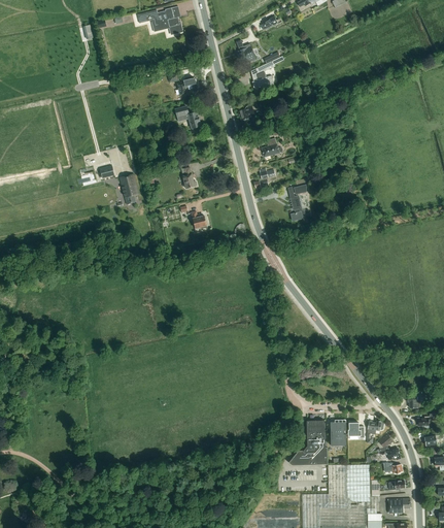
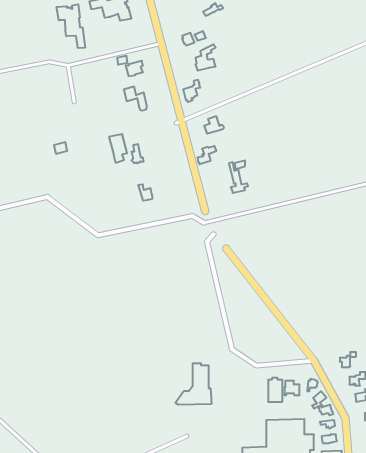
building: none -> [57,4,85,48]
building: [118,173,138,204] -> [109,134,127,163]
building: [287,420,327,464] -> [175,363,212,405]

